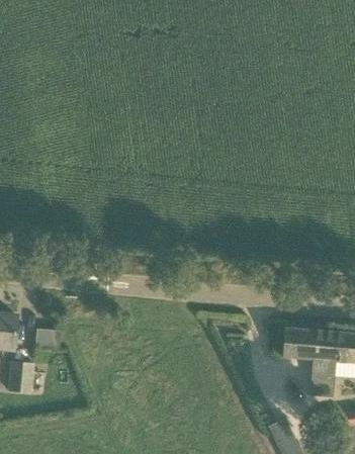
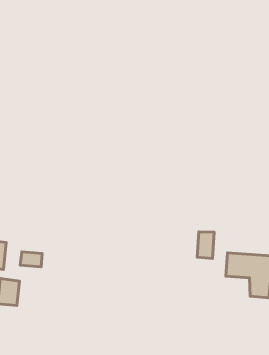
building: none -> [197,232,214,259]

